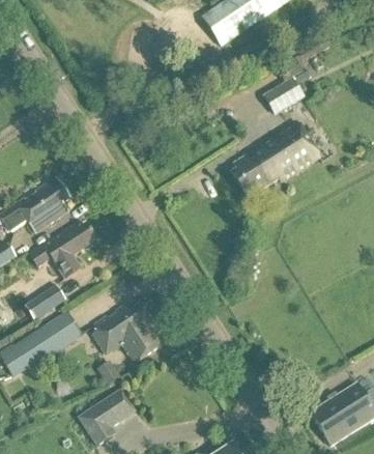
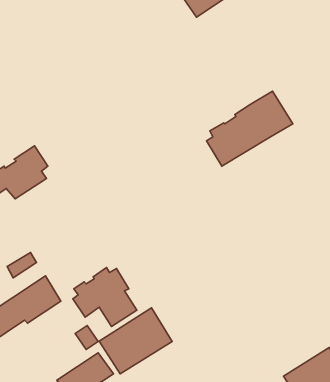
building: [263,64,306,115] -> none
building: [28,222,95,279] -> none
building: none -> [99,308,172,374]

